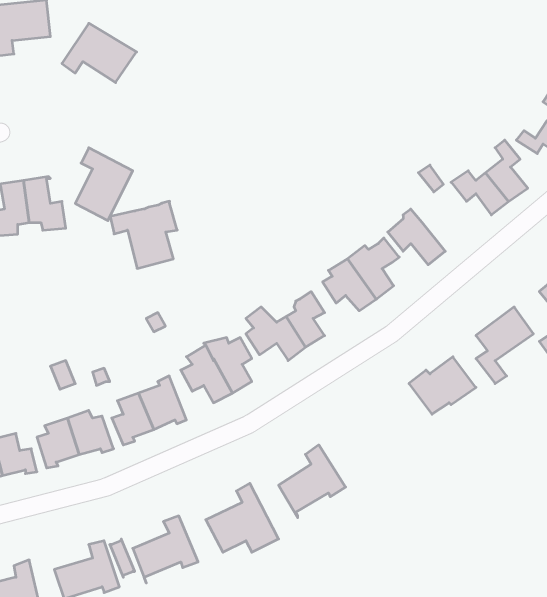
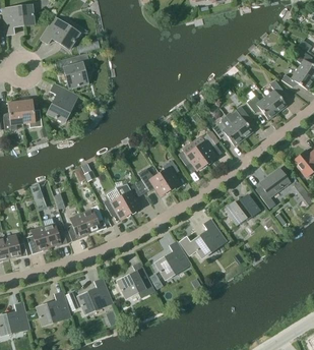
building: none -> [225,106,252,138]
building: [110,201,177,268] -> [54,53,89,89]
building: none -> [190,219,226,258]

